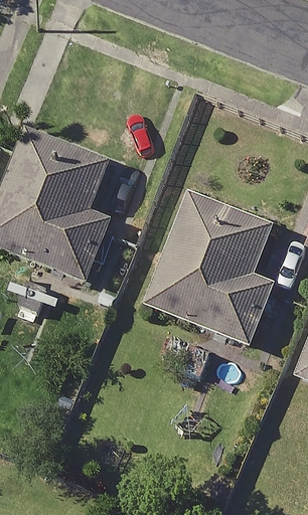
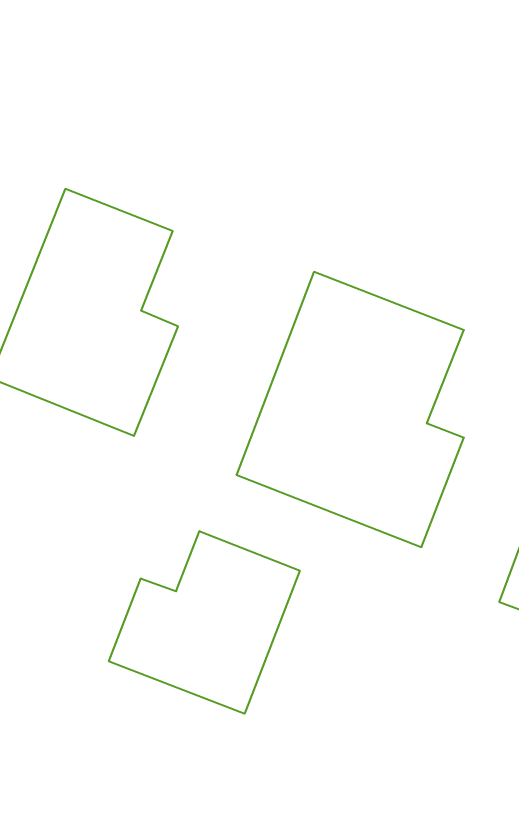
building: none -> [109,531,300,714]

